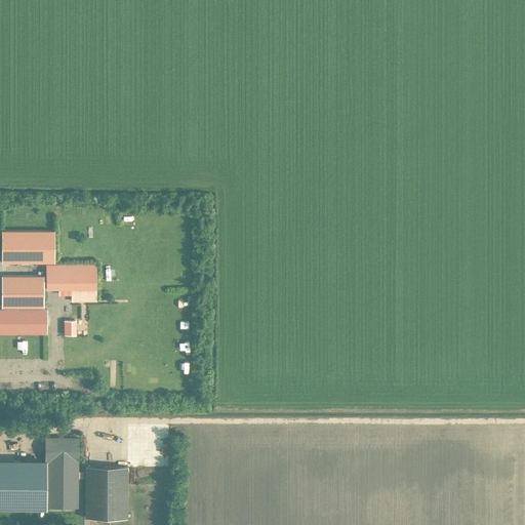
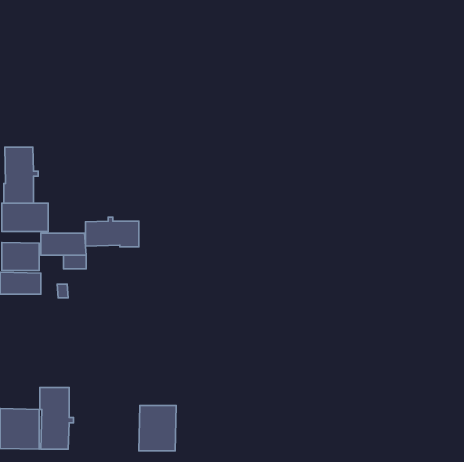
building: none -> [4,147,38,203]
building: none -> [86,217,139,247]
building: [85,469,127,520] -> [139,405,176,451]

